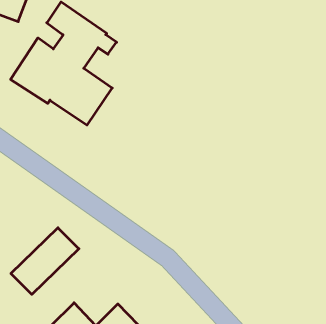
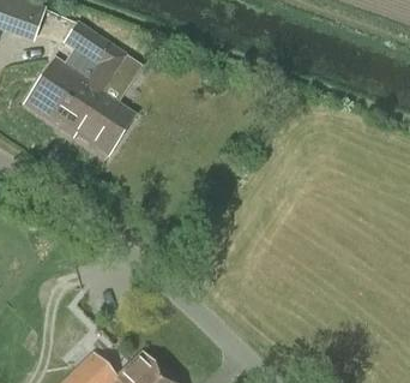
building: [11,228,79,294] -> none

